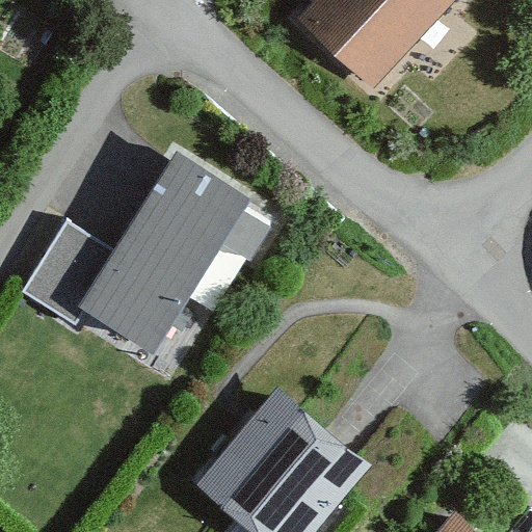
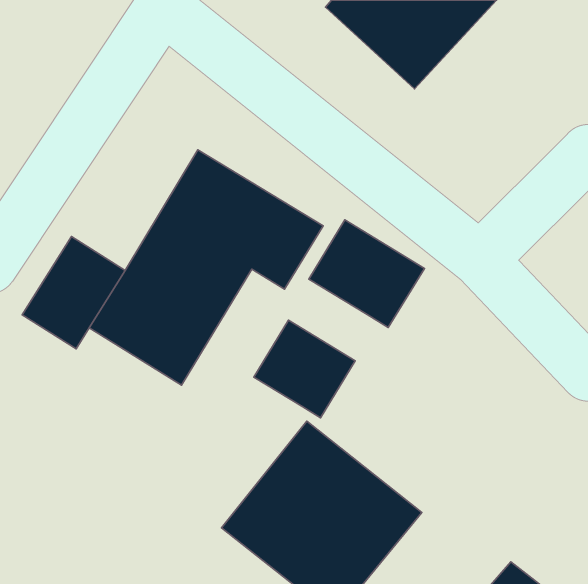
building: none -> [309,220,424,328]
building: none -> [254,320,355,418]

